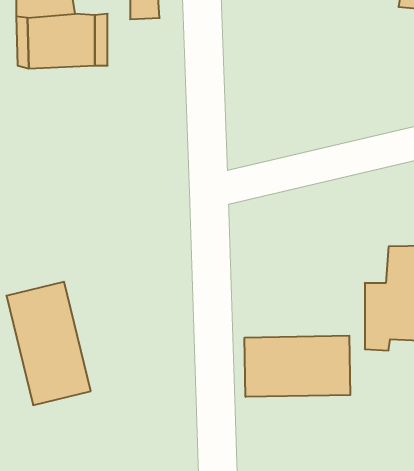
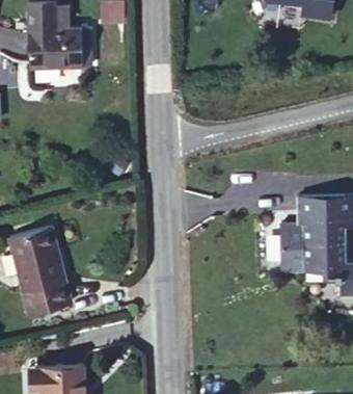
building: [245,336,350,397] -> none

